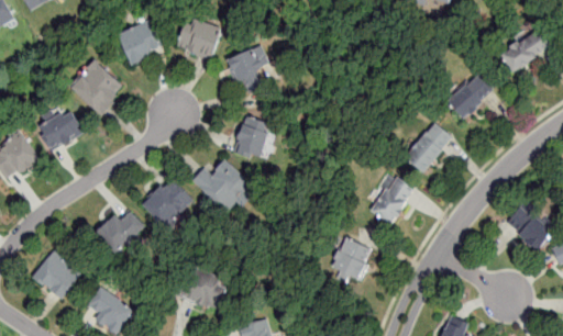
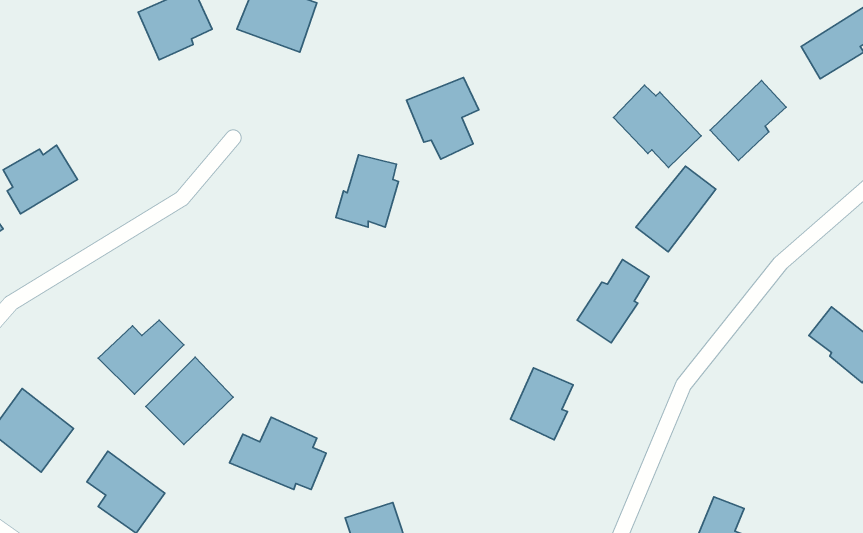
building: [228,45,269,92] -> [407,77,479,159]
building: [69,60,121,114] -> none
building: none -> [613,85,701,167]
building: [190,159,251,212] -> none
building: [142,177,192,227] -> [146,357,233,445]

